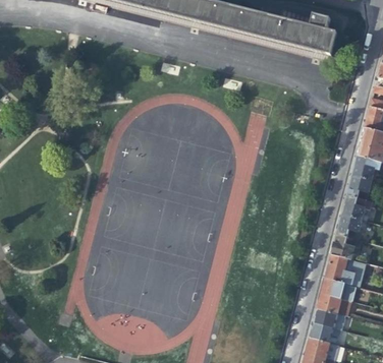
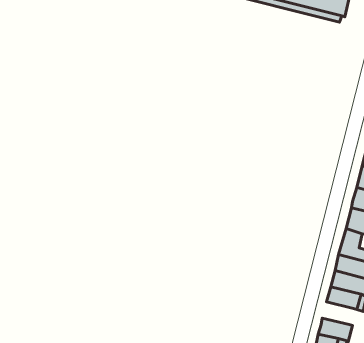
building: [309,321,338,343] -> none

